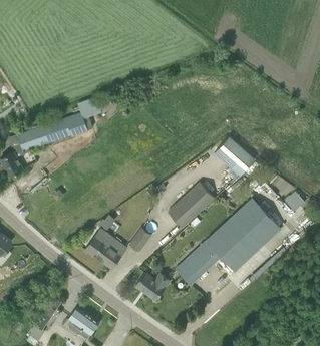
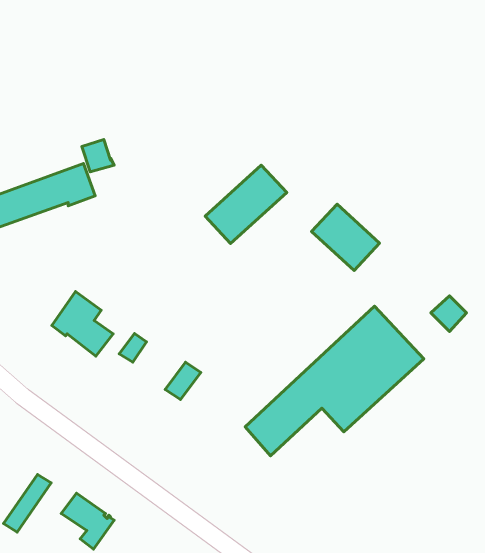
building: [168,181,216,227] -> [205,165,287,243]
building: [85,229,121,267] -> [52,292,113,356]
building: [135,271,170,299] -> none

